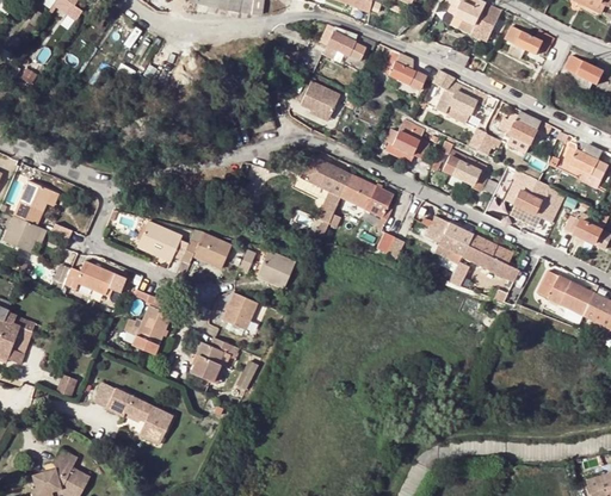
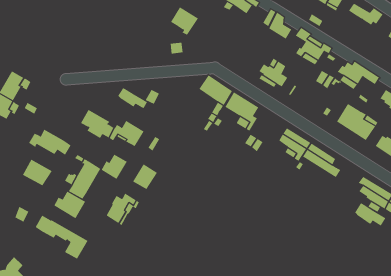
building: [298,82,339,123] -> [170,6,199,36]
building: [442,150,487,192] -> none
building: none -> [117,87,148,109]
building: [257,252,295,291] -> none
building: none -> [101,154,128,180]
building: none -> [22,159,52,186]
building: none -> [354,203,386,226]
building: none -> [54,191,86,219]

